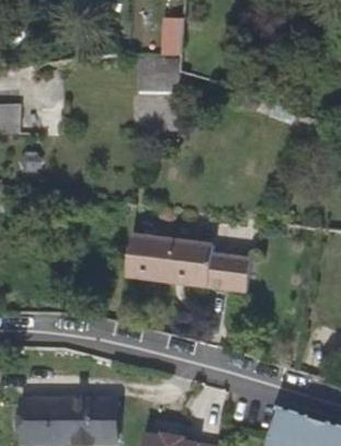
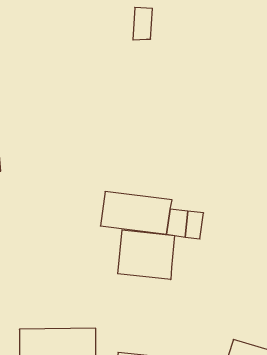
building: [136,55,177,93] -> none
building: none -> [118,230,175,280]

